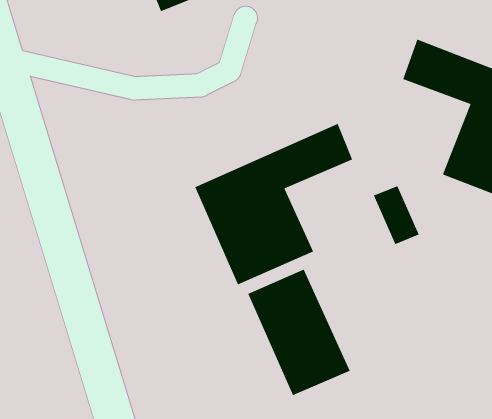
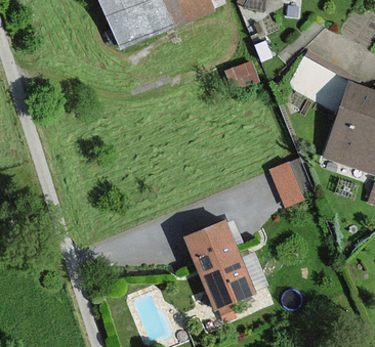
building: [194,123,353,286] -> none

